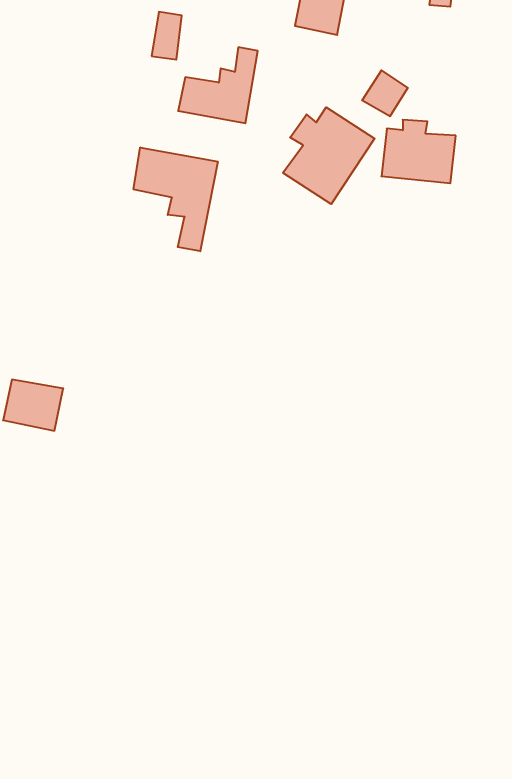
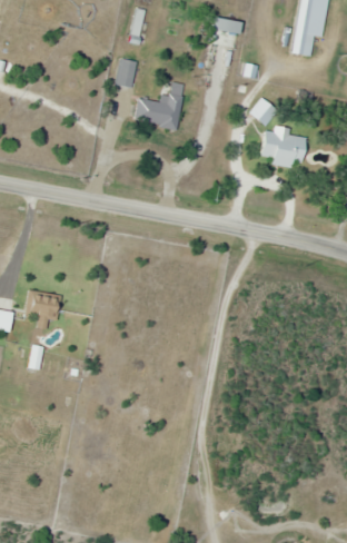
building: [283,107,375,204] -> none
building: [134,147,218,251] -> none

